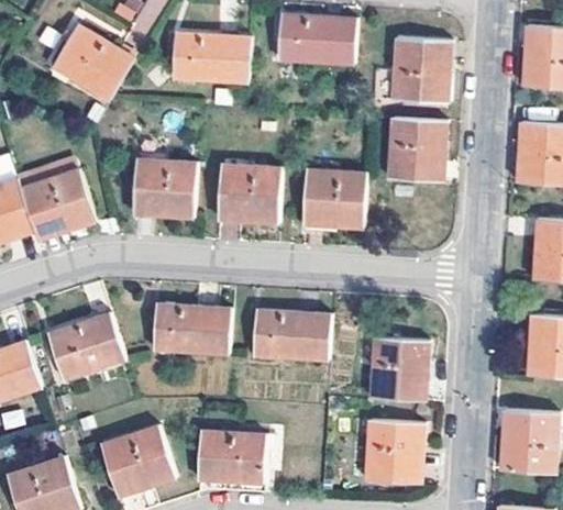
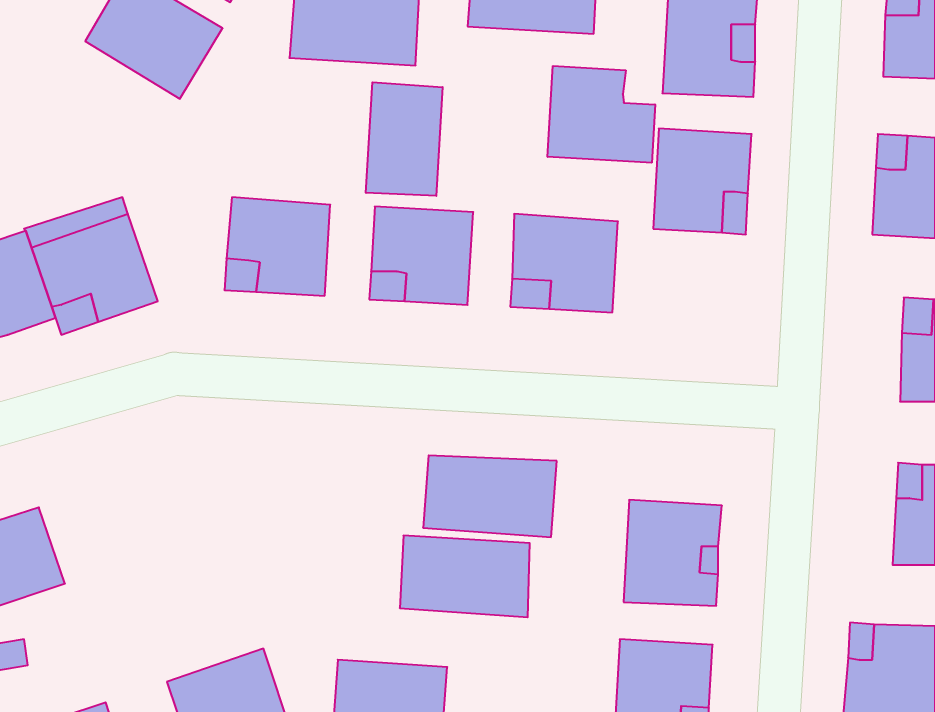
building: none -> [548,66,655,163]
building: none -> [366,82,443,196]
building: [152,304,229,353] -> [400,536,530,617]
building: [45,313,122,379] -> none

